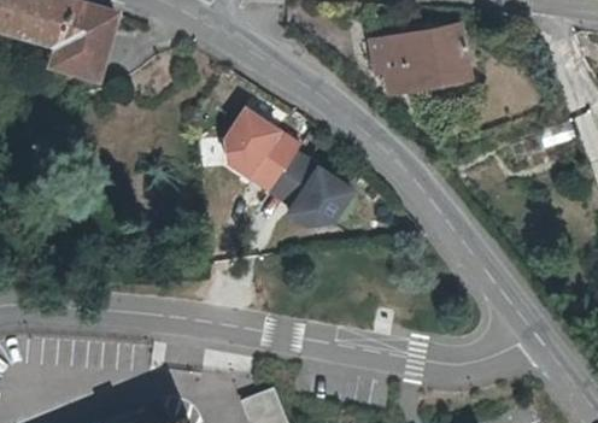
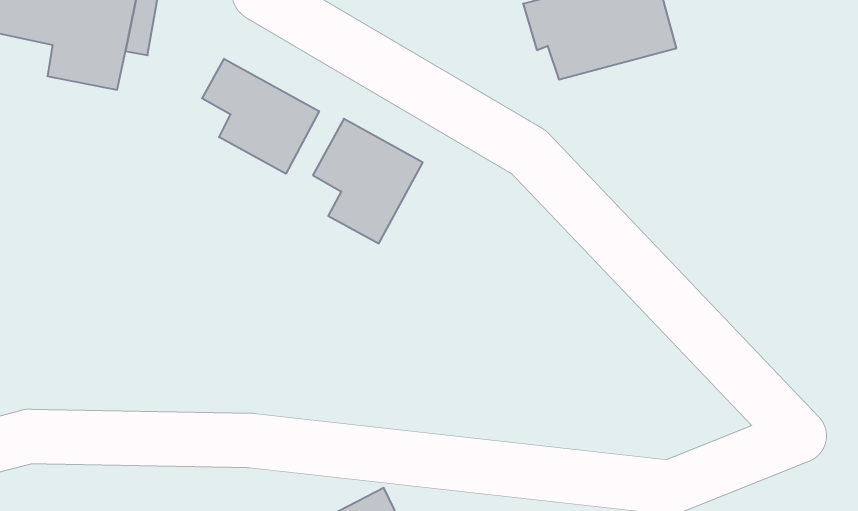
building: none -> [202,59,319,174]
building: [270,158,362,242] -> none

